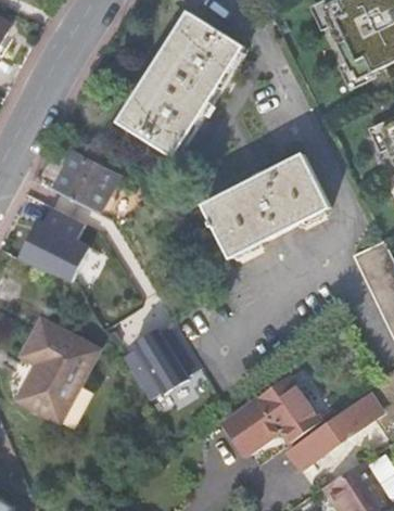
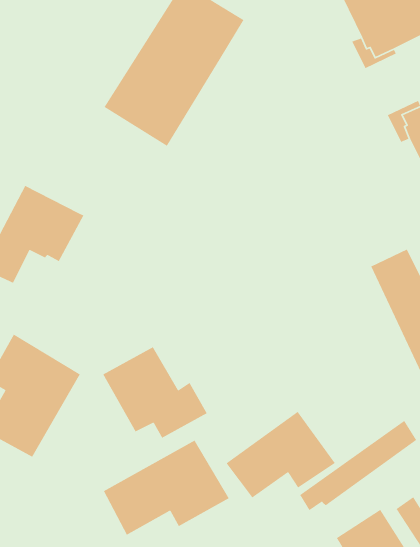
building: [54,152,119,212] -> none
building: [204,156,330,260] -> none
building: none -> [103,439,230,536]

